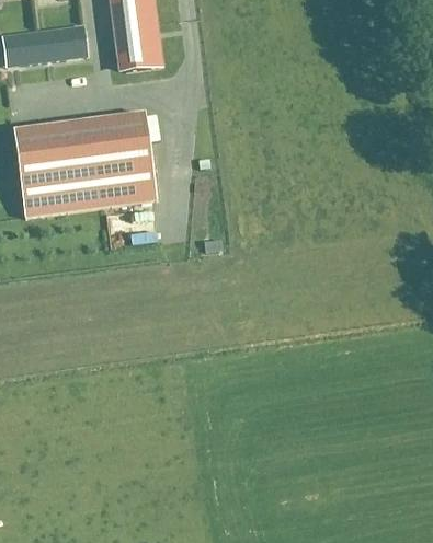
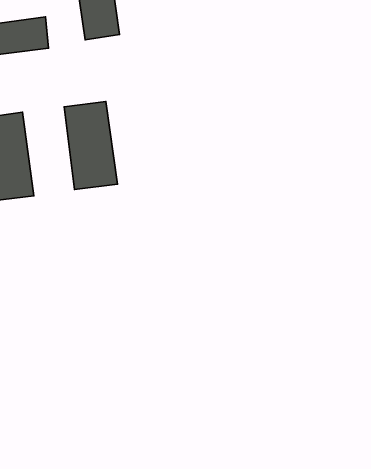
building: [122,43,161,70] -> none
building: [56,118,111,211] -> none

